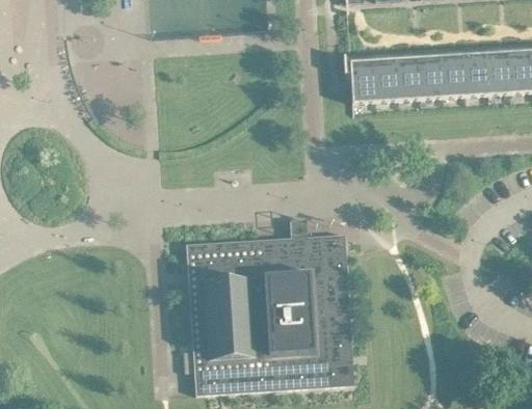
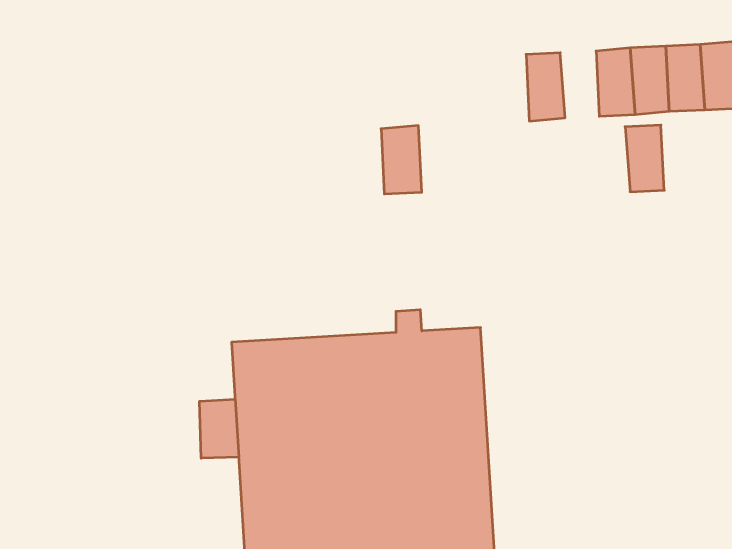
building: [397,56,422,99] -> [625,125,664,192]
building: [351,58,377,102] -> [381,126,422,194]
building: none -> [200,399,239,458]

